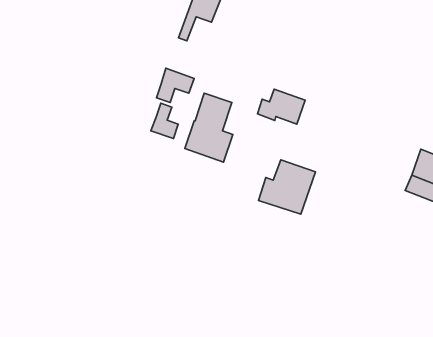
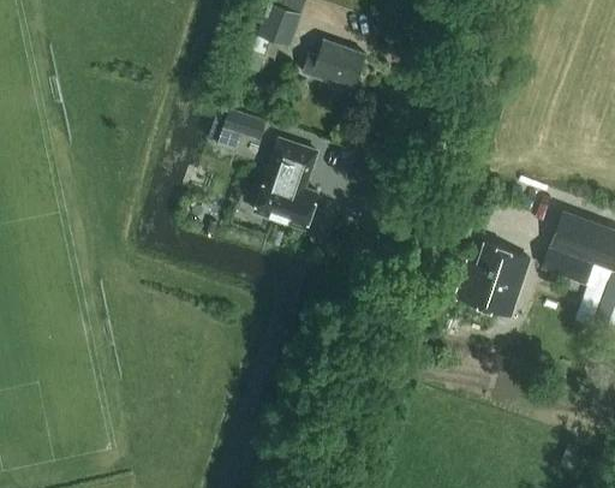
building: [257,89,305,124] -> [303,41,365,87]
building: [151,103,178,139] -> none
building: [259,160,316,214] -> [454,245,529,316]

